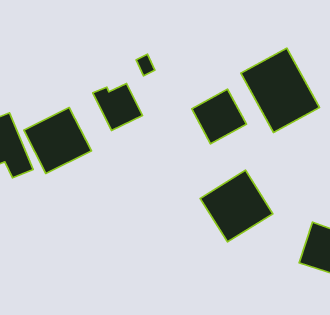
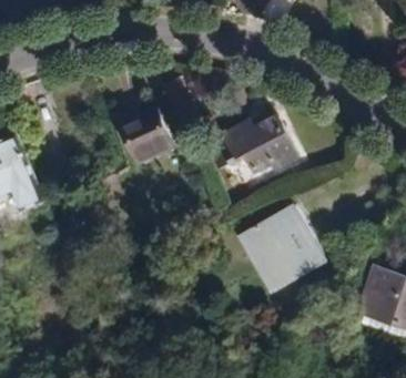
building: [241,48,319,132] -> none
building: [24,107,91,173] -> none

